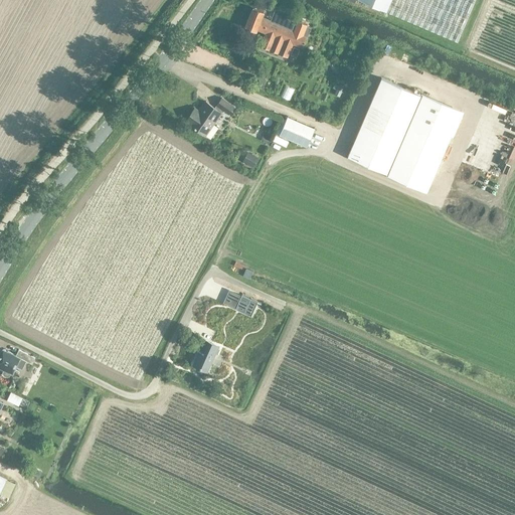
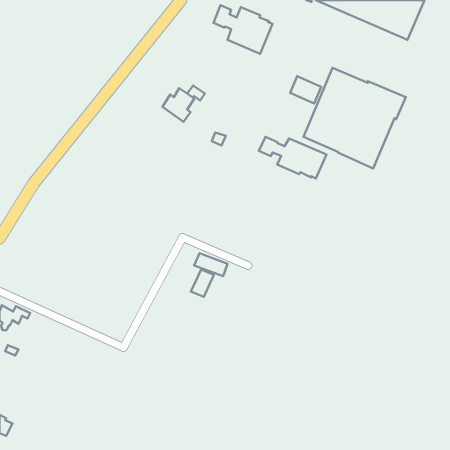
building: [279,117,314,148] -> [290,76,321,103]
building: none -> [259,137,327,179]
building: [192,340,218,371] -> [191,269,214,297]

